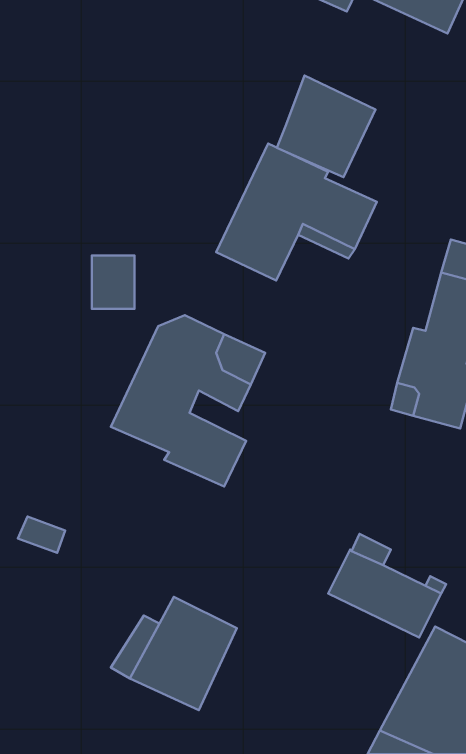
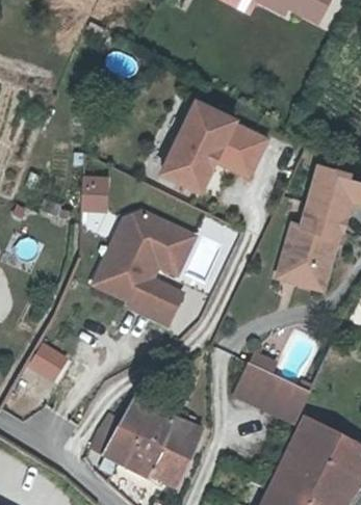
building: [277,76,376,177] -> none
building: none -> [151,420,202,486]

